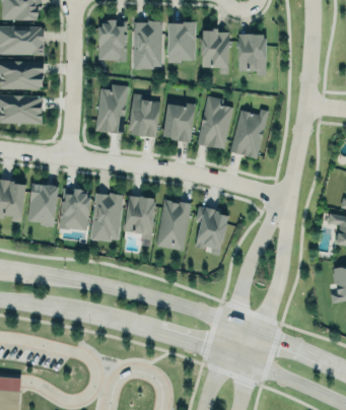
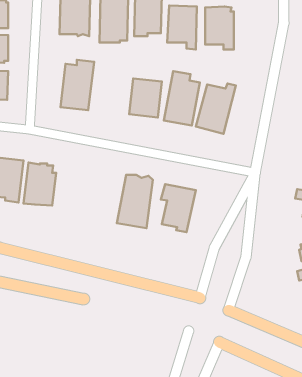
building: [130,94,160,137] -> none
building: [90,193,124,242] -> none
building: [125,195,156,241] -> none

